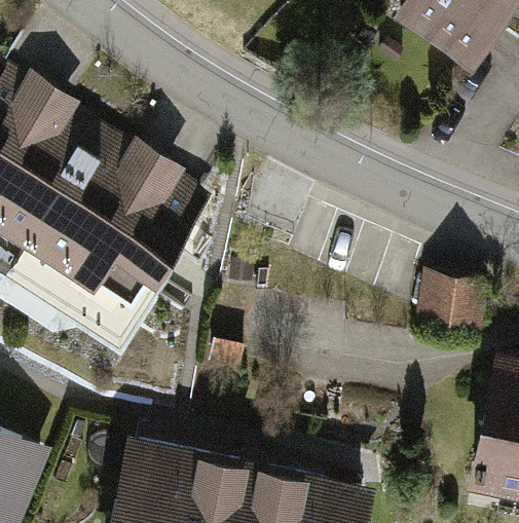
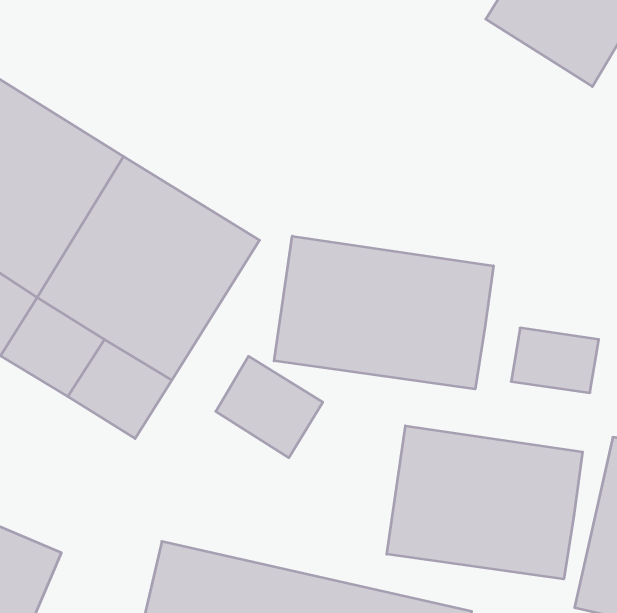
building: none -> [274,236,493,389]
building: none -> [216,356,323,458]
building: none -> [387,426,583,579]

